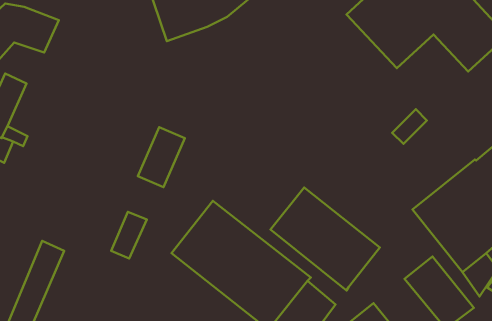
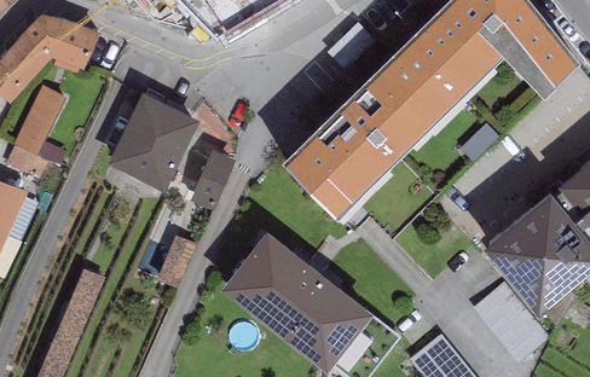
building: none -> [282,23,465,205]
building: none -> [106,89,199,187]
building: [271,188,380,290] -> none

